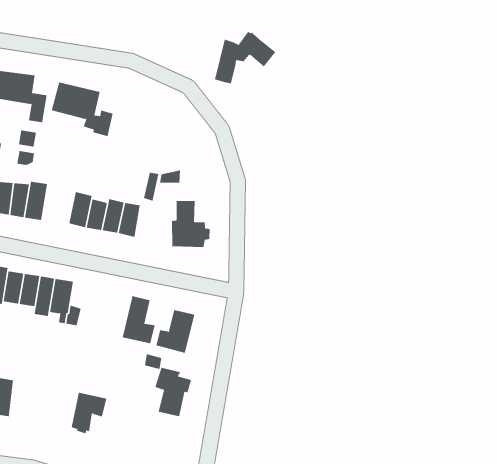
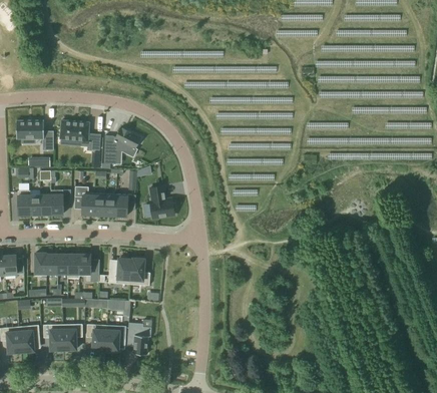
building: [214,31,276,84] -> [103,127,141,164]
building: [155,309,195,354] -> [108,257,131,285]
building: [155,367,192,417] -> [127,323,151,354]
building: none -> [62,324,82,351]
building: none -> [86,324,106,350]

